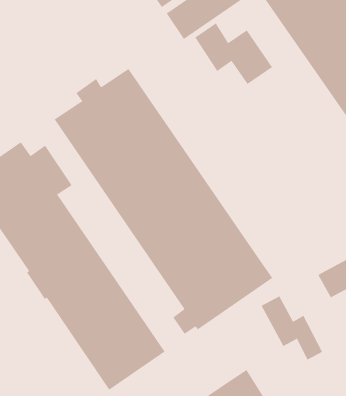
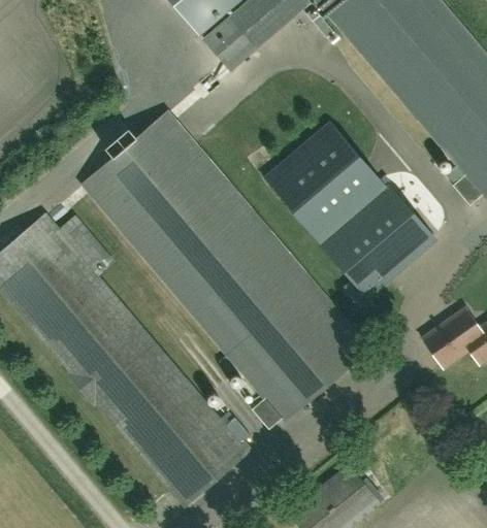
building: [195,23,273,85] -> none
building: none -> [264,121,436,298]
building: [261,296,323,361] -> none

